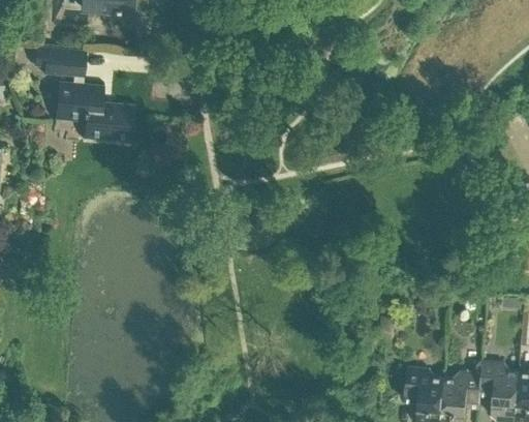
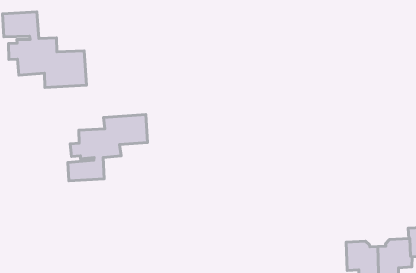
building: none -> [68,115,148,181]

